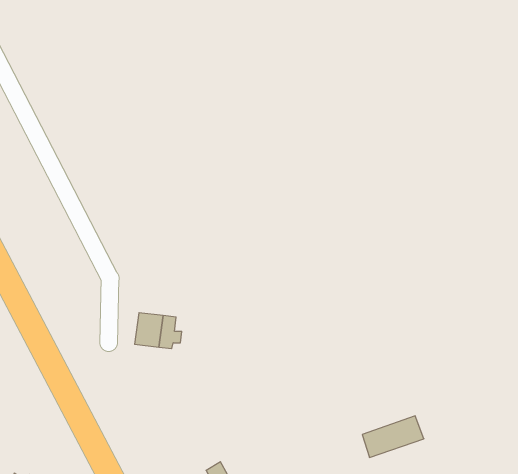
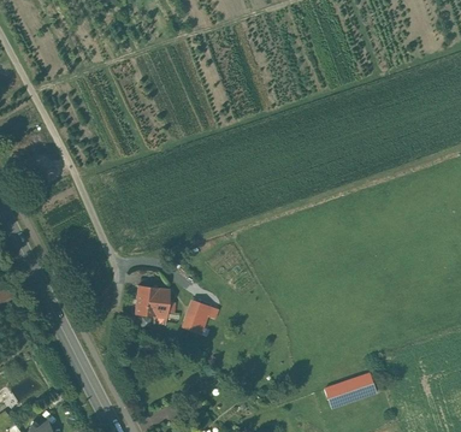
building: none -> [183,300,211,333]

